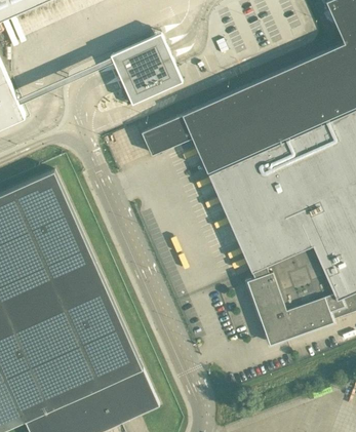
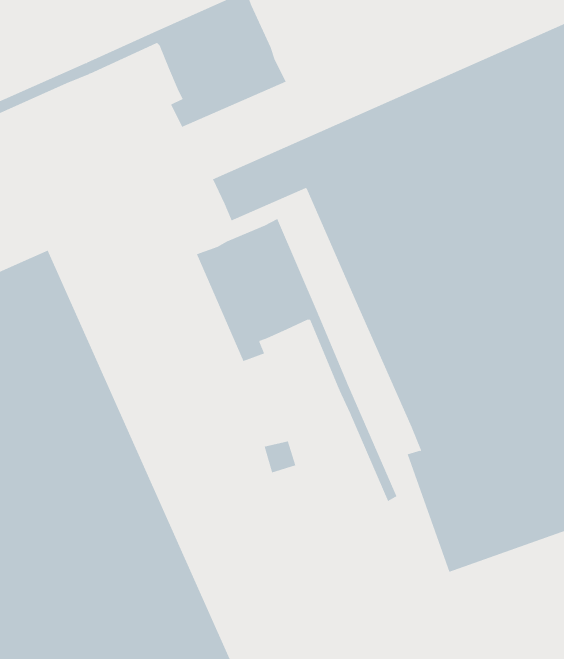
building: none -> [196,218,397,502]

